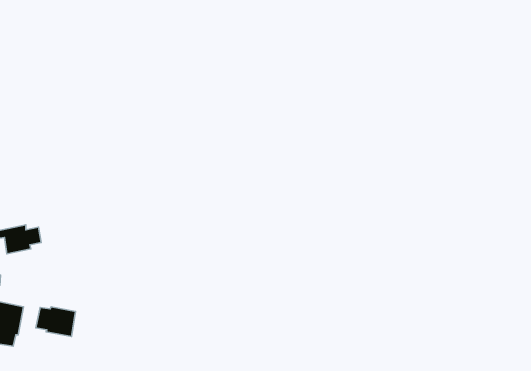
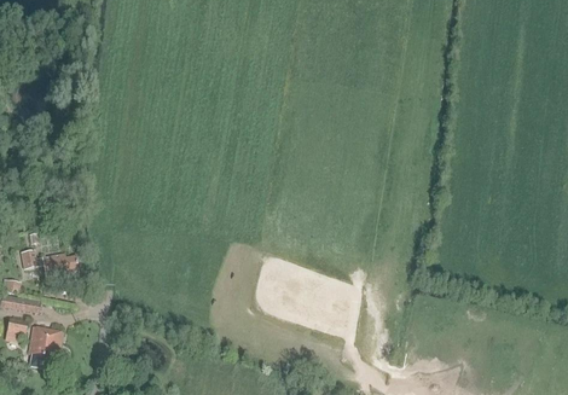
building: [36,307,75,337] -> none

